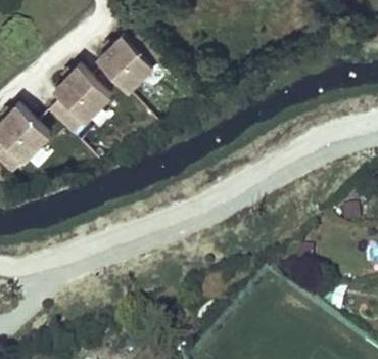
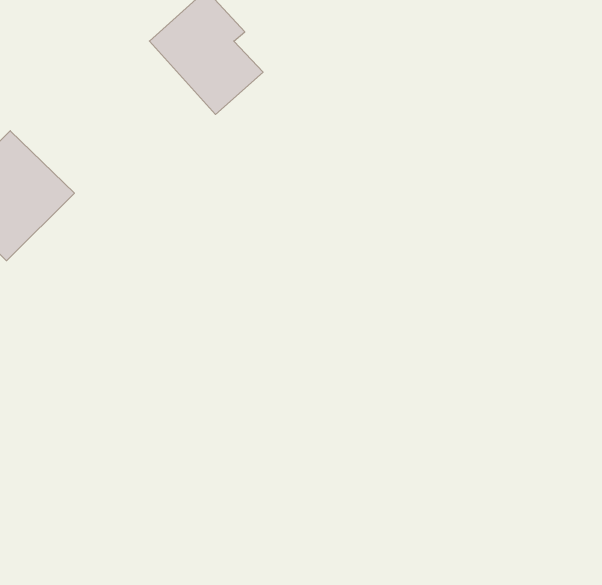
building: [51,57,114,129] -> none

